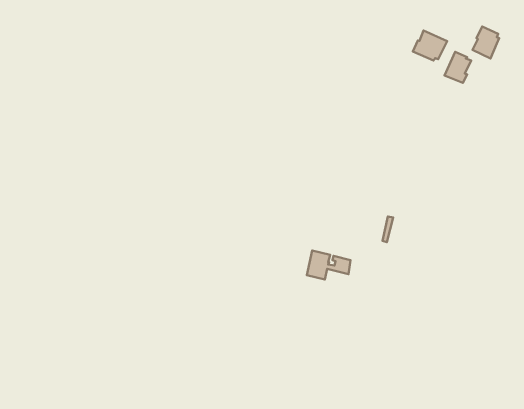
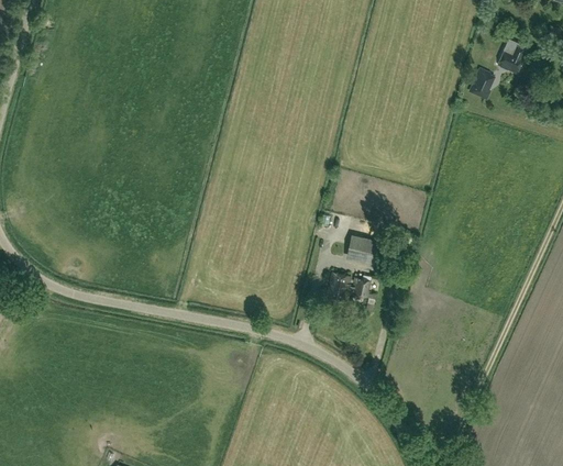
building: [413,31,447,61] -> none
building: none -> [347,237,379,259]

